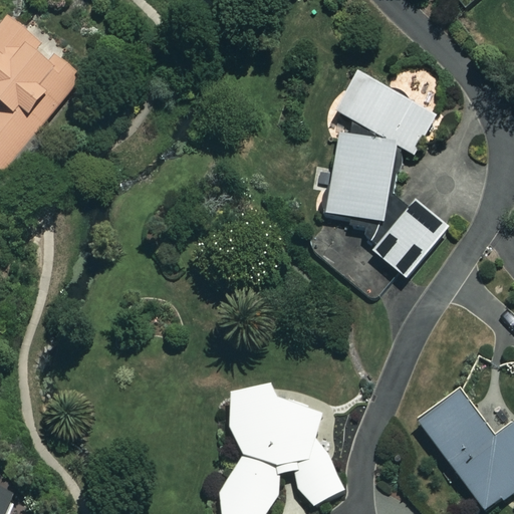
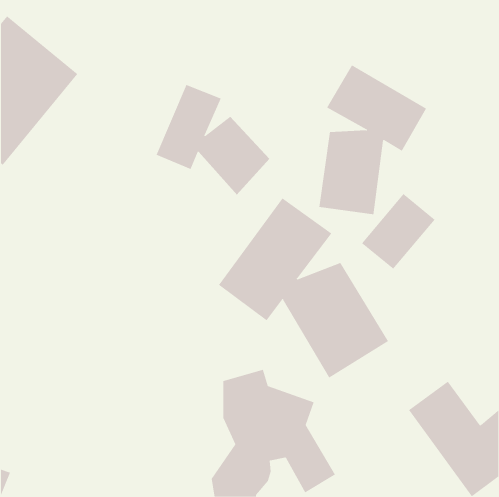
building: none -> [156,84,270,195]
building: none -> [218,197,389,379]

